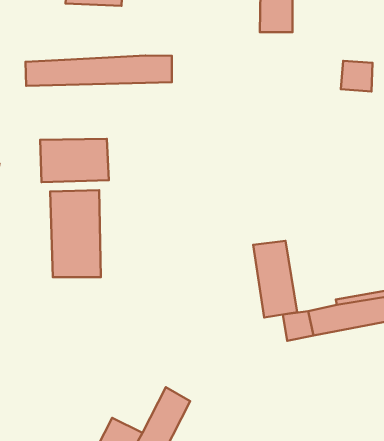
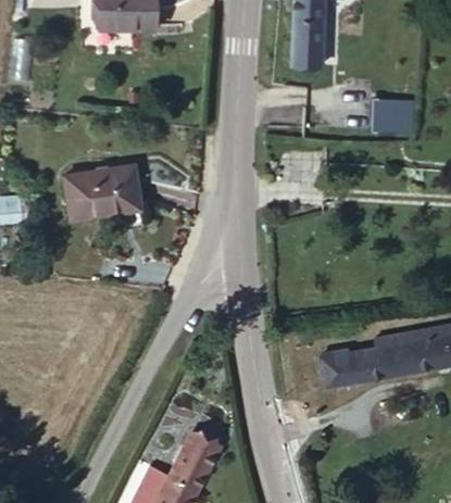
building: [25,55,172,86] -> none
building: [50,190,101,277] -> none
building: [253,241,297,317] -> none

